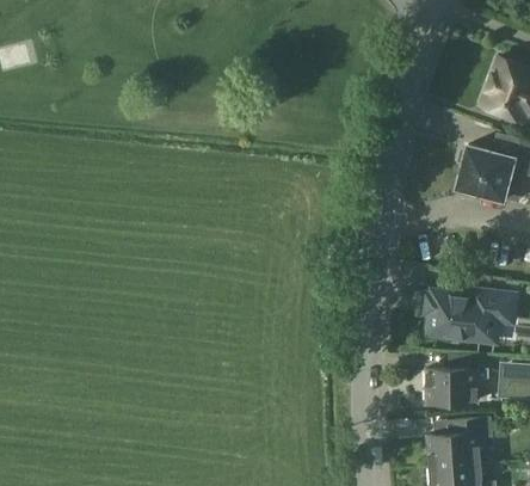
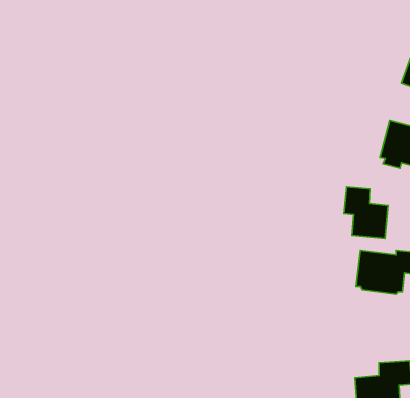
building: none -> [344,187,388,238]
building: [426,370,476,404] -> none

